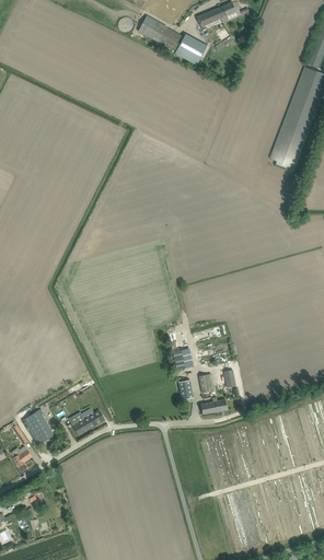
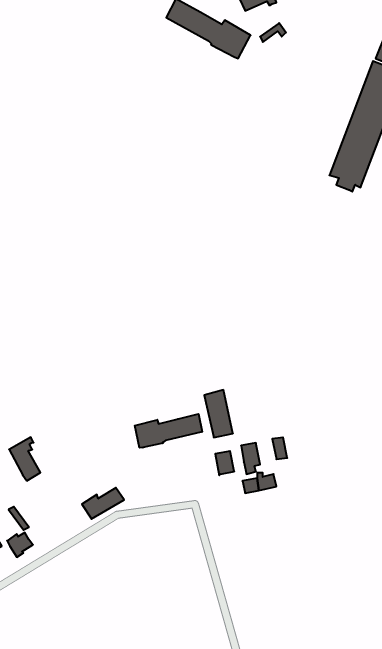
building: none -> [135,414,202,448]
building: [23,408,48,443] -> [9,437,40,481]

